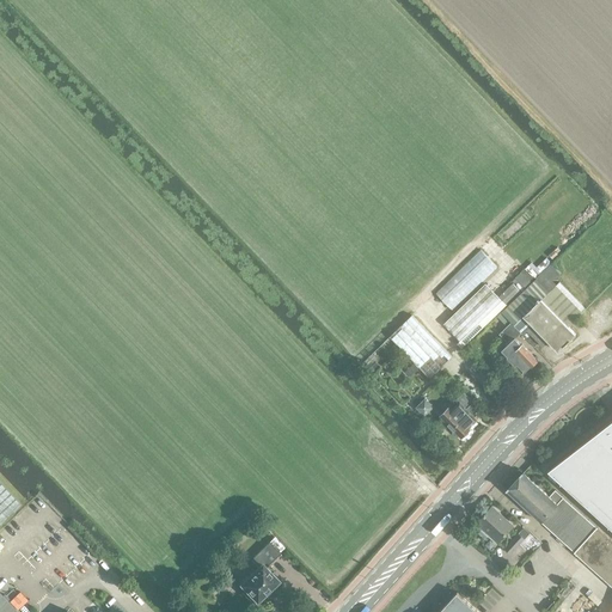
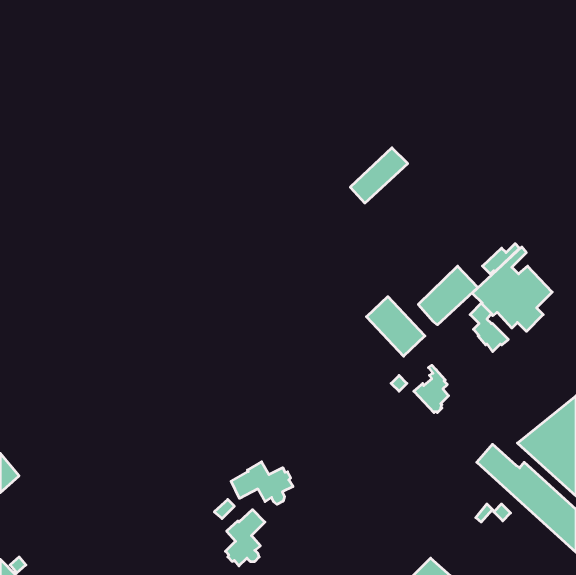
building: [436,251,497,310] -> [350,148,408,203]
building: none -> [231,462,293,504]
building: [477,508,512,544] -> none

